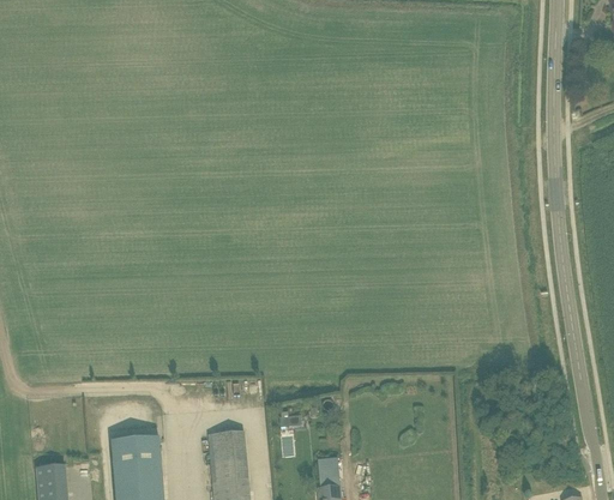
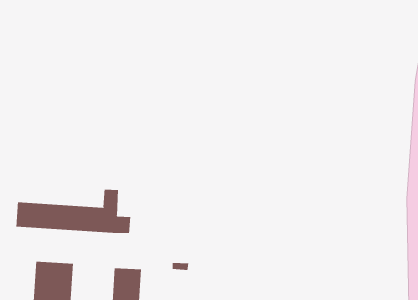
building: none -> [16,189,131,234]

